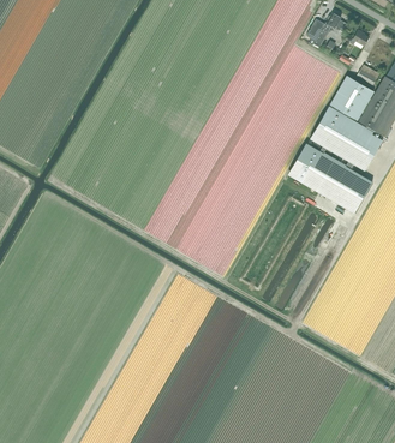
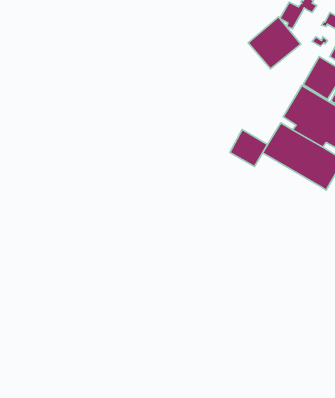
building: none -> [248,17,301,69]
building: none -> [230,130,267,166]

